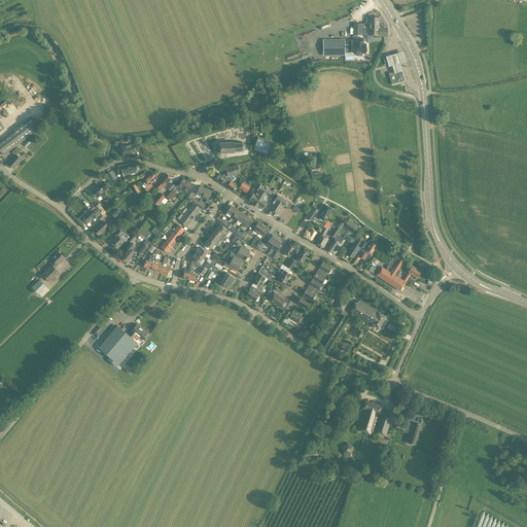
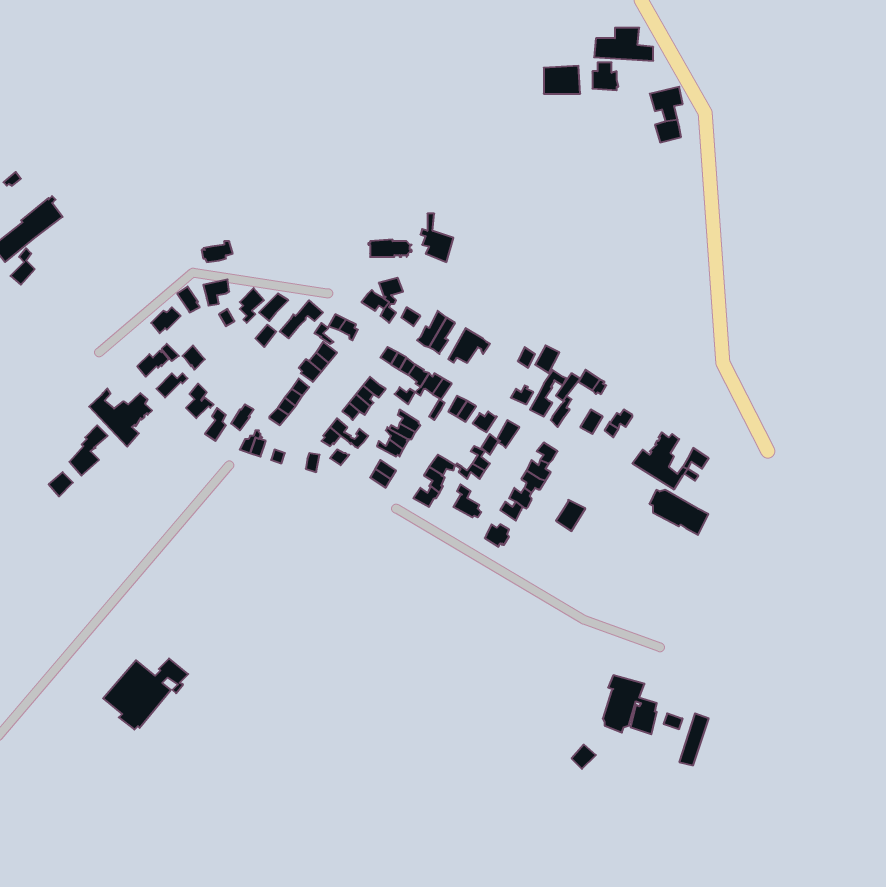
building: none -> [89,388,152,447]
building: [349,302,384,328] -> [649,490,708,535]
building: [97,324,147,366] -> [103,658,188,730]

